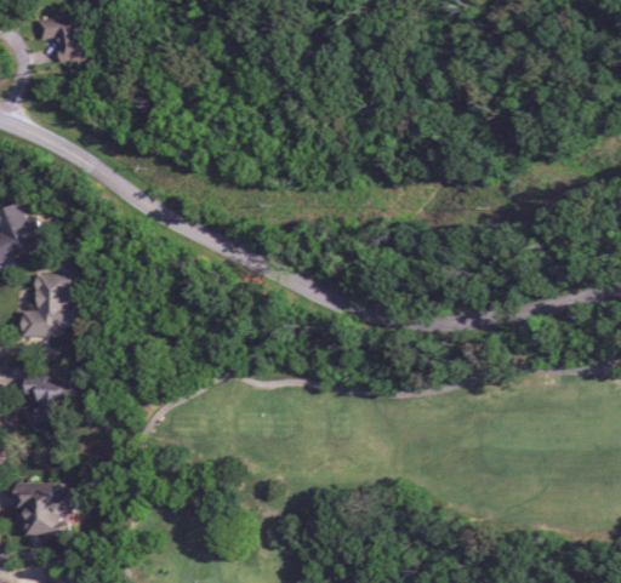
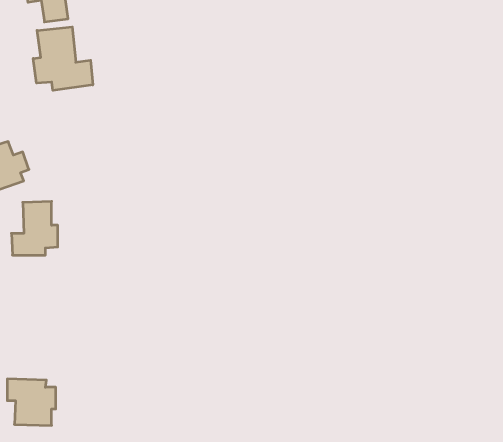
building: none -> [33,27,93,90]
building: [21,376,73,423] -> none

